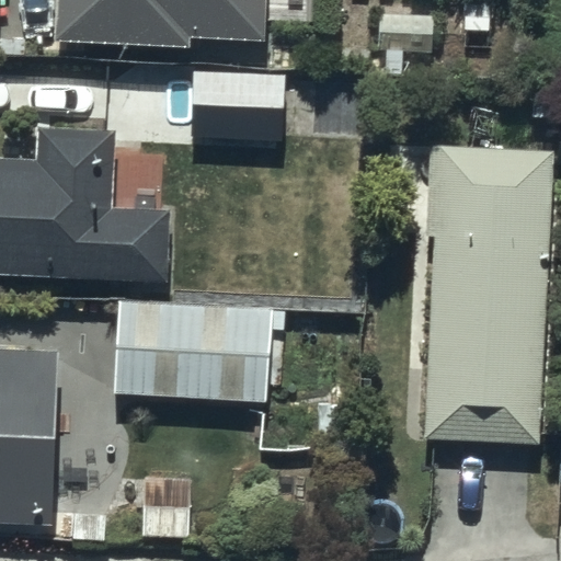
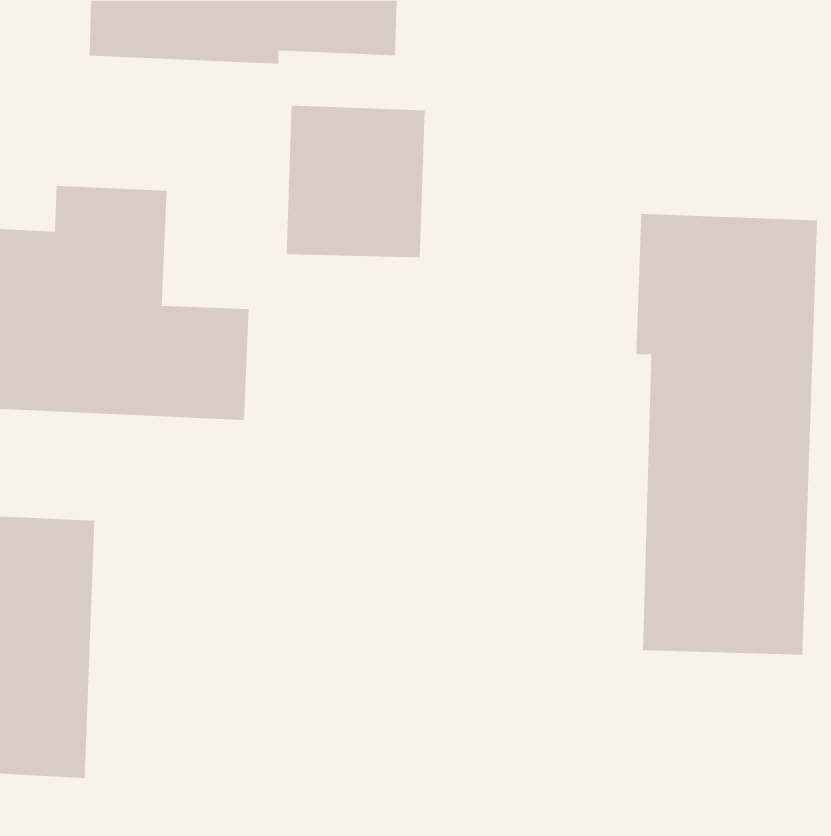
building: [114,297,275,400] -> none

